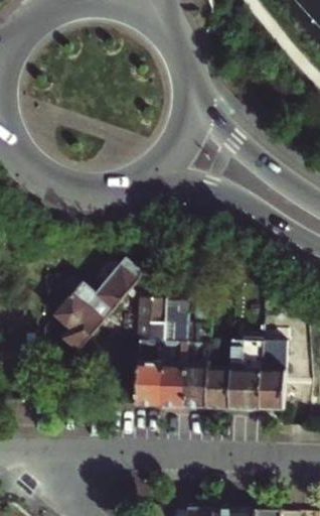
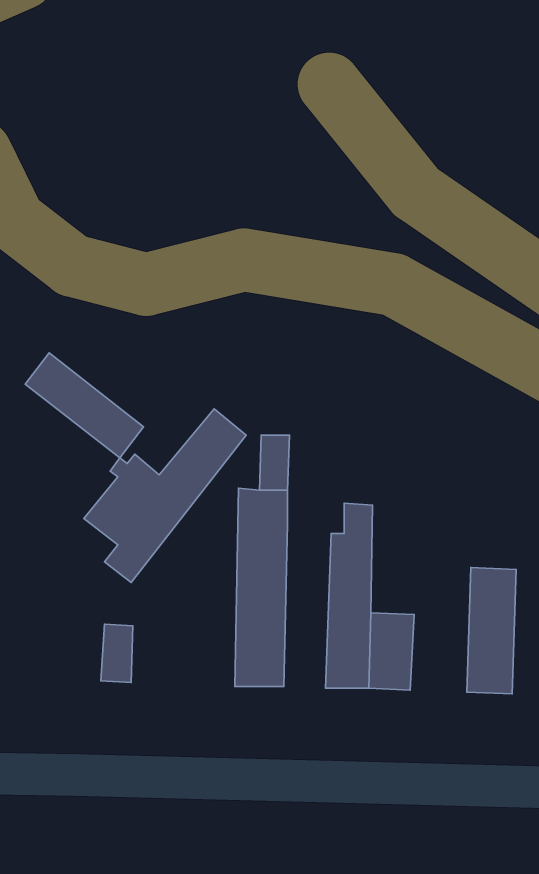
building: none -> [25,353,143,458]
building: [161,314,186,407] -> none
building: [228,342,261,409] -> none

